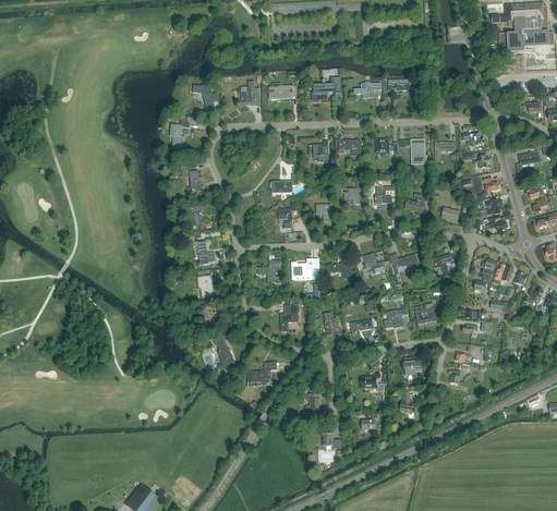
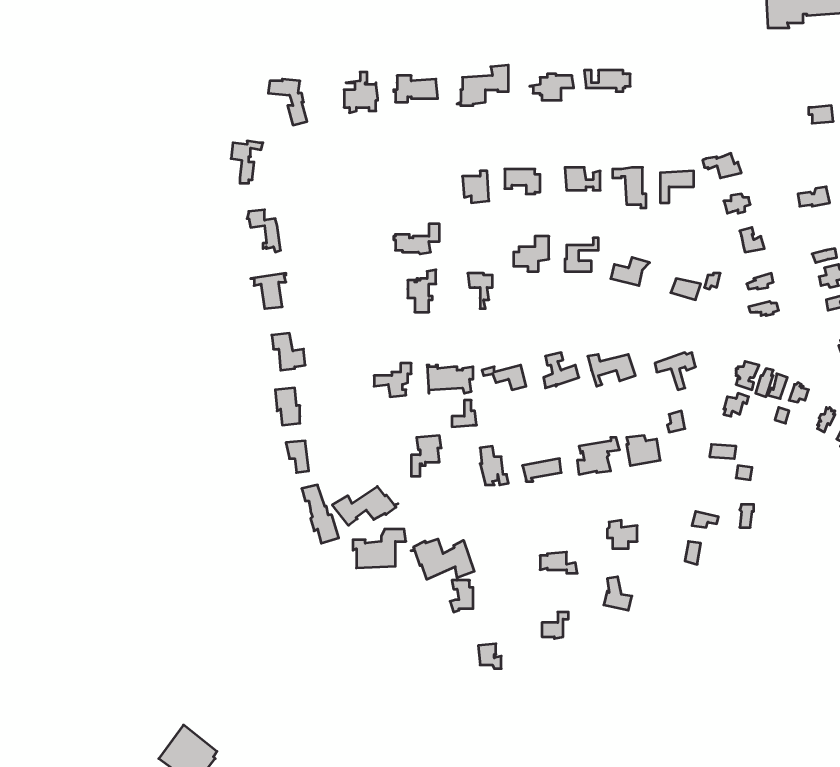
building: none -> [332,486,398,525]
building: none -> [411,539,474,579]

